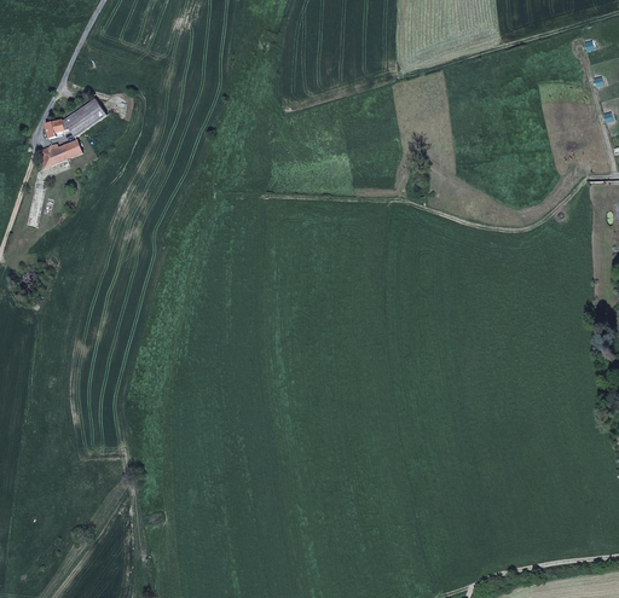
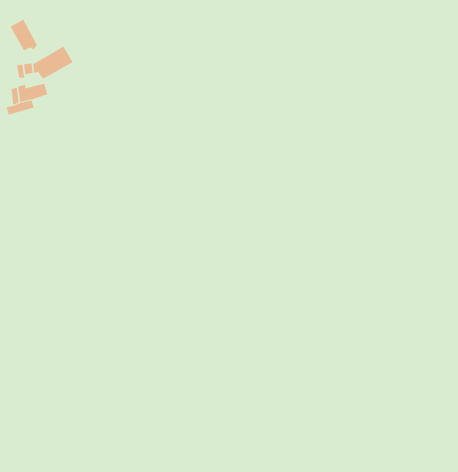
building: none -> [10,19,38,51]

